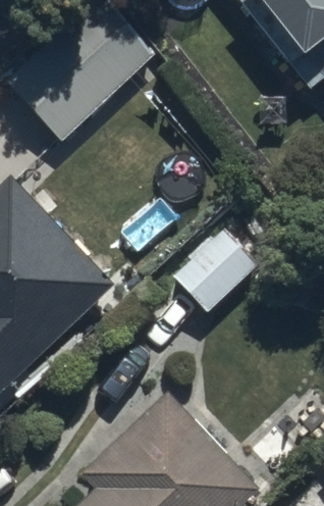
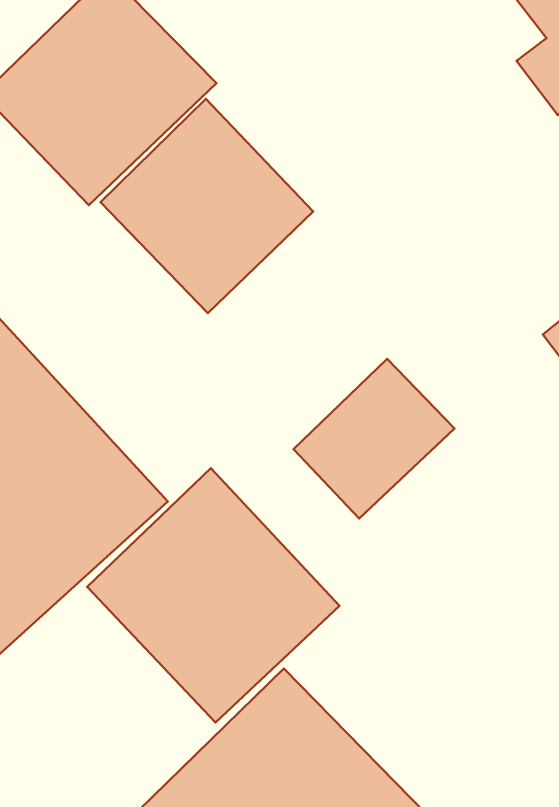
building: none -> [100,99,313,313]
building: none -> [87,468,339,722]

